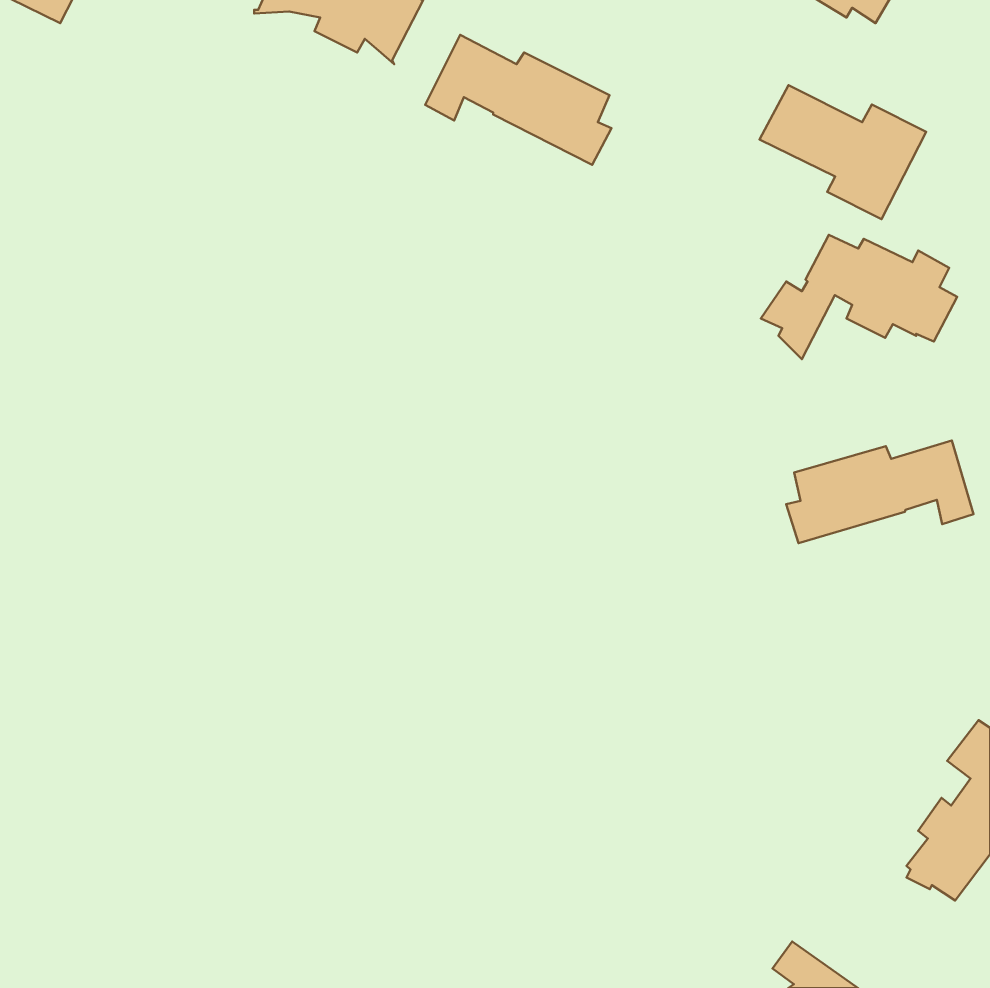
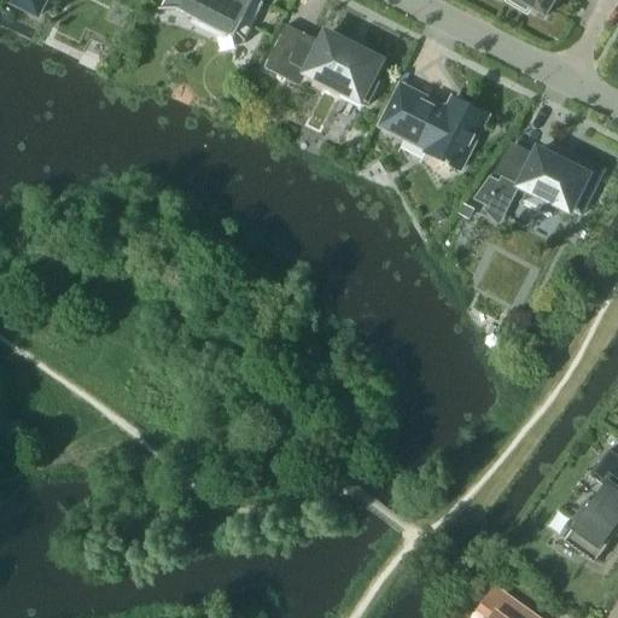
building: [759,85,926,219] -> [383,84,486,168]
building: [786,440,974,543] -> none

